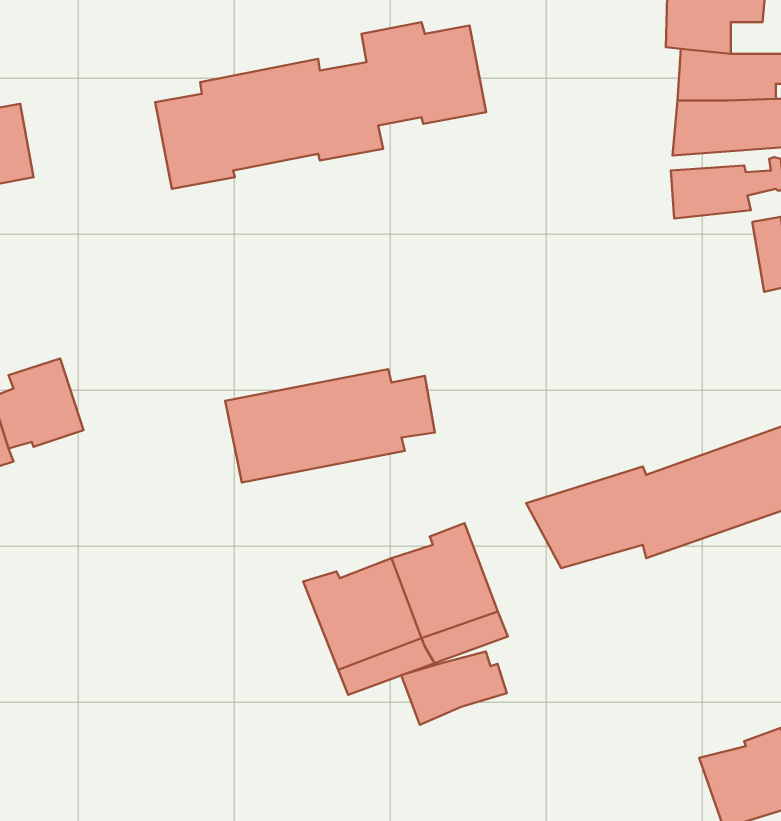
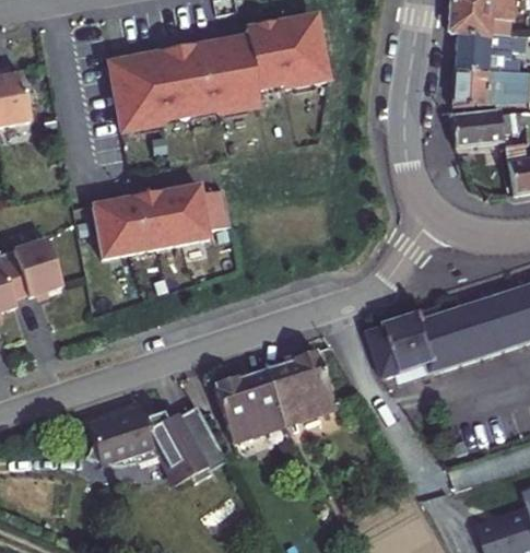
building: [225,369,435,482] -> [94,181,232,256]
building: none -> [89,413,231,494]
building: [401,651,507,725] -> none

